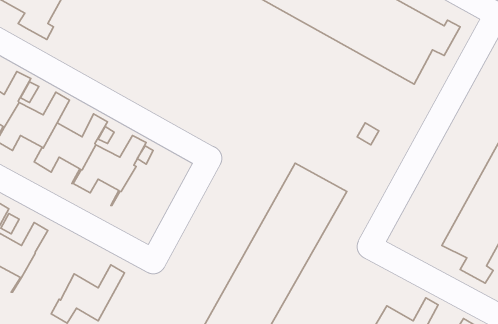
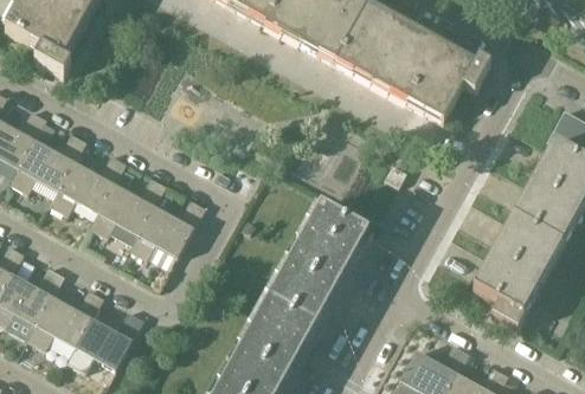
building: none -> [129,196,205,257]
building: none -> [26,288,102,360]

